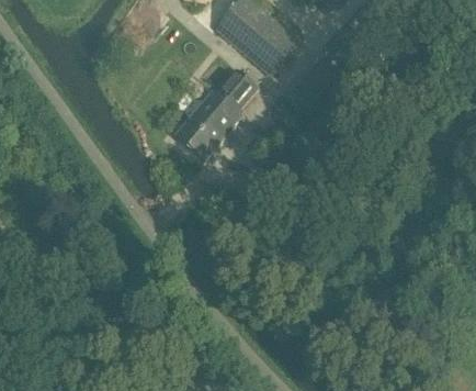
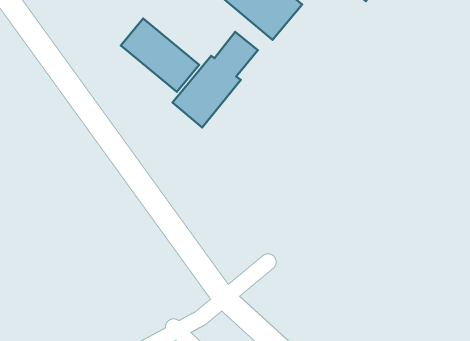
building: none -> [121,19,199,92]

